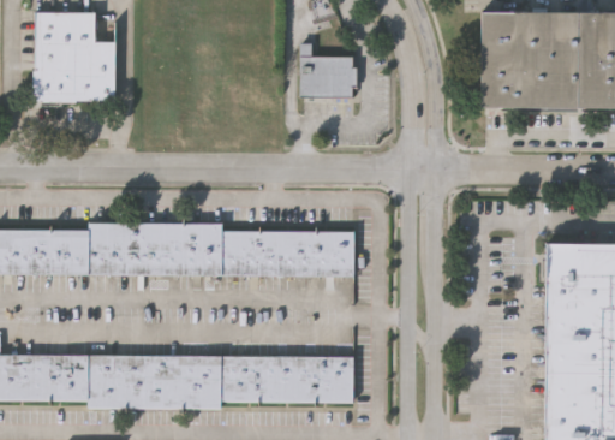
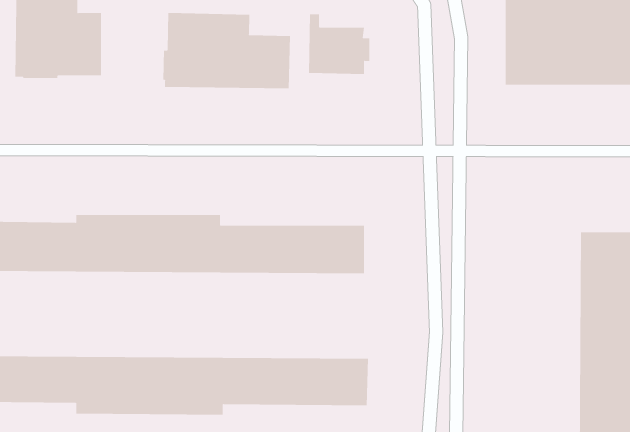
building: none -> [163,12,290,89]

